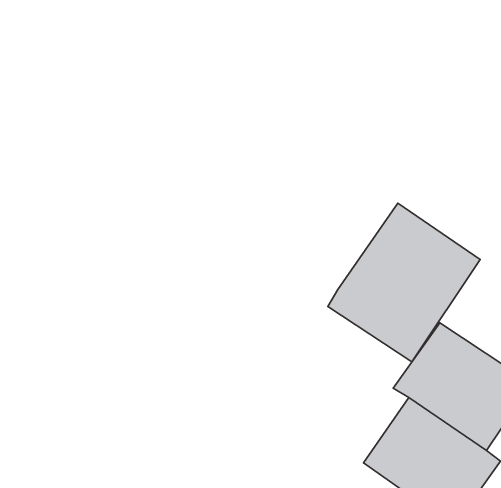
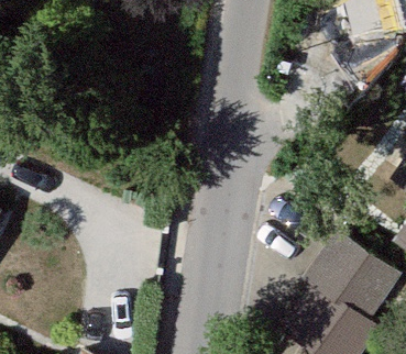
building: [328,203,480,362] -> none

